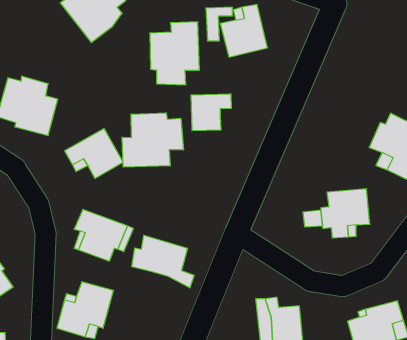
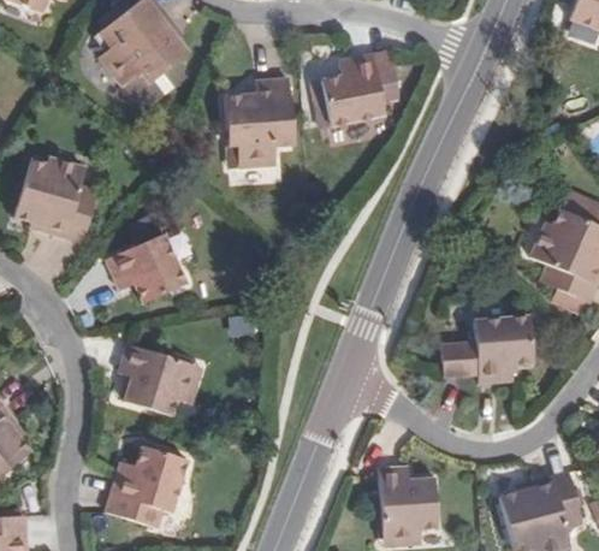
building: [191,94,231,131] -> none
building: [122,113,183,167] -> none
building: [132,235,194,288] -> none

